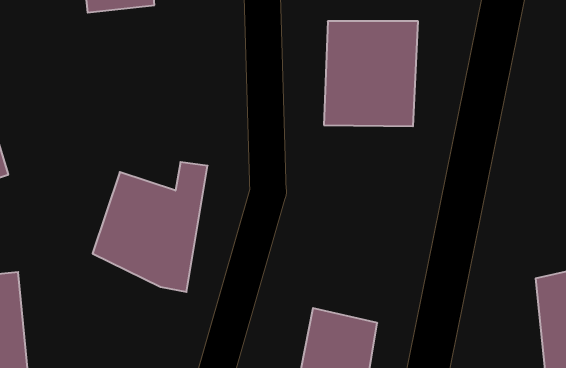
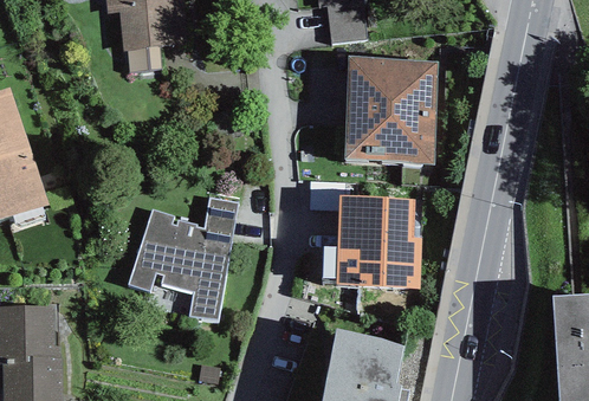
building: none -> [343,196,418,282]

